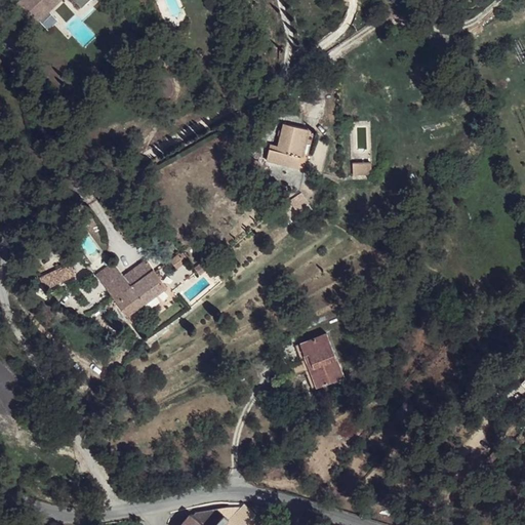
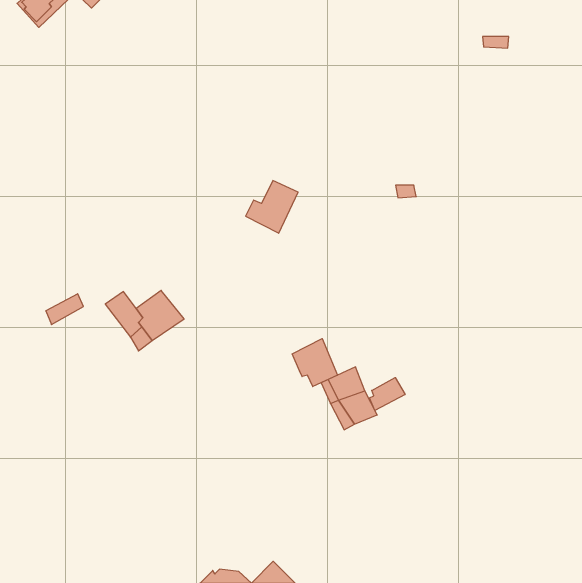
building: [266,128,313,175] -> [246,181,298,233]
building: none -> [292,339,337,387]
building: none -> [370,378,405,410]

